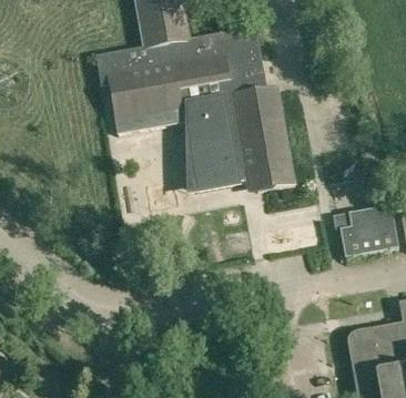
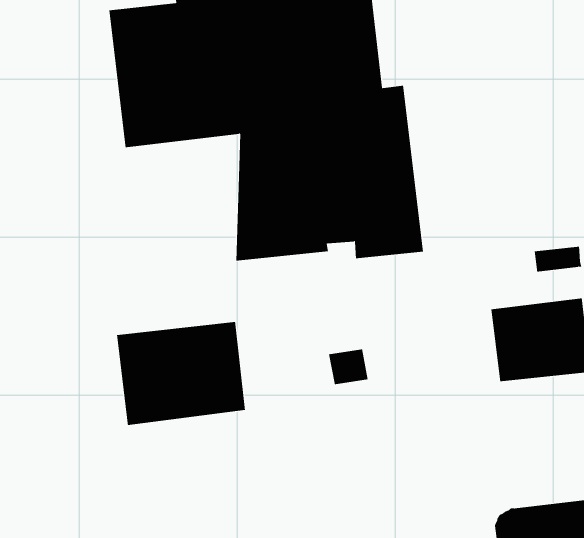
building: none -> [117,321,245,426]

